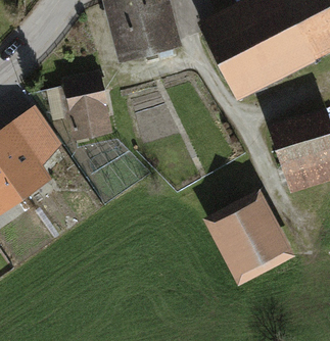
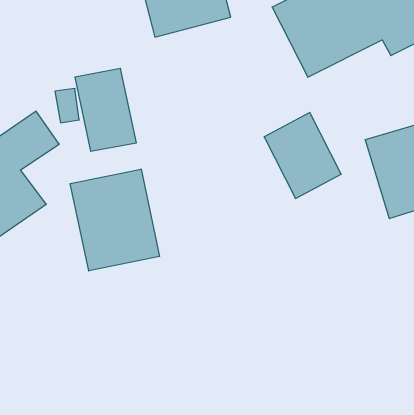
building: none -> [70,169,160,271]
building: [221,206,276,267] -> [264,113,341,198]

